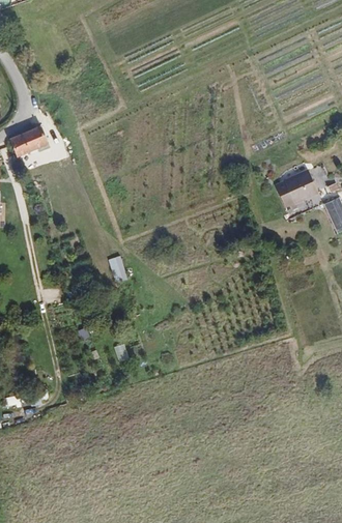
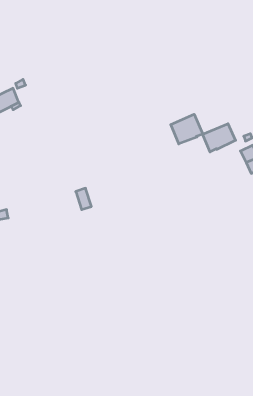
building: none -> [171,114,203,144]

